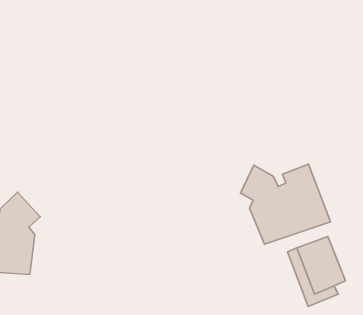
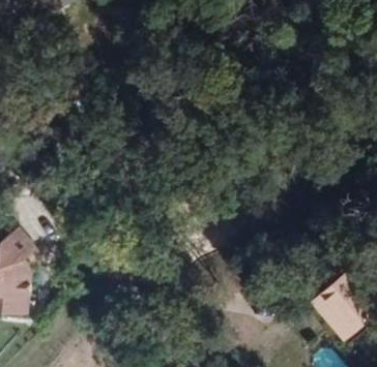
building: [241,164,330,244] -> none

